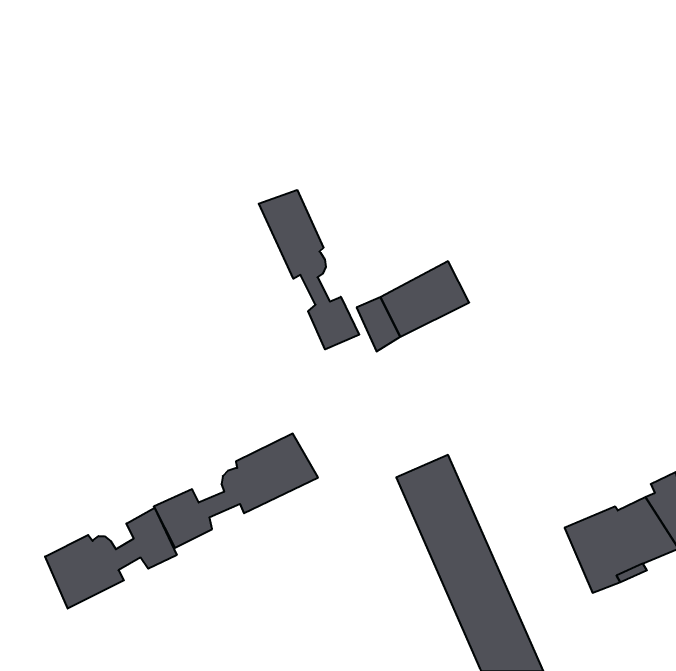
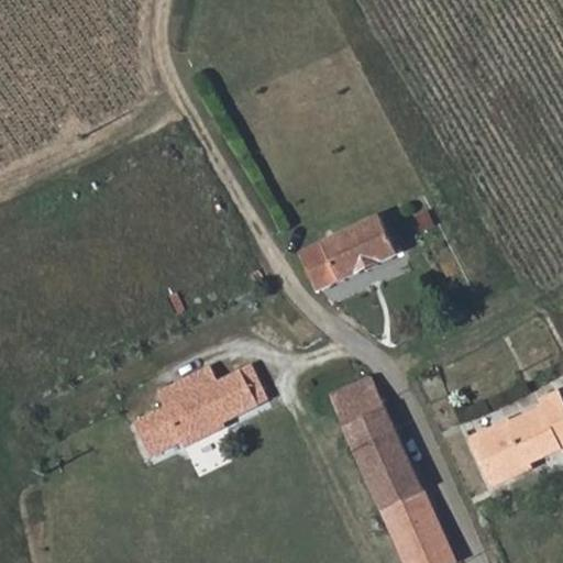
building: [259,190,359,349] -> none
building: [45,508,177,609] -> none

